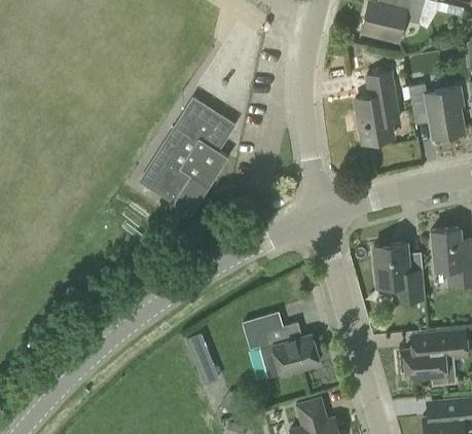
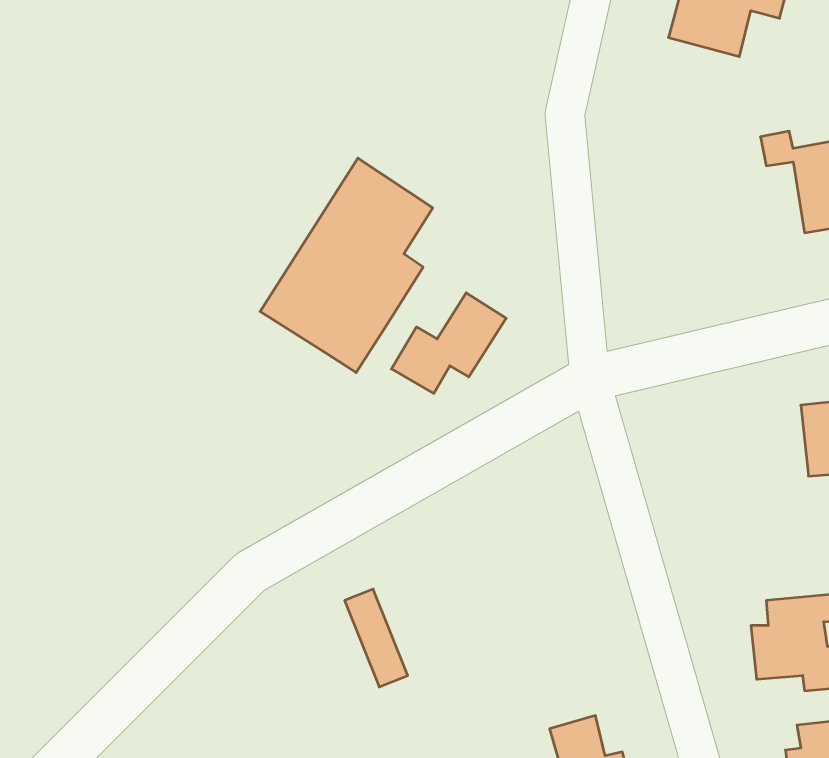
building: [355,74,398,145] -> none
building: none -> [391,293,506,393]
building: [373,242,425,300] -> none
building: [243,312,319,373] -> none

